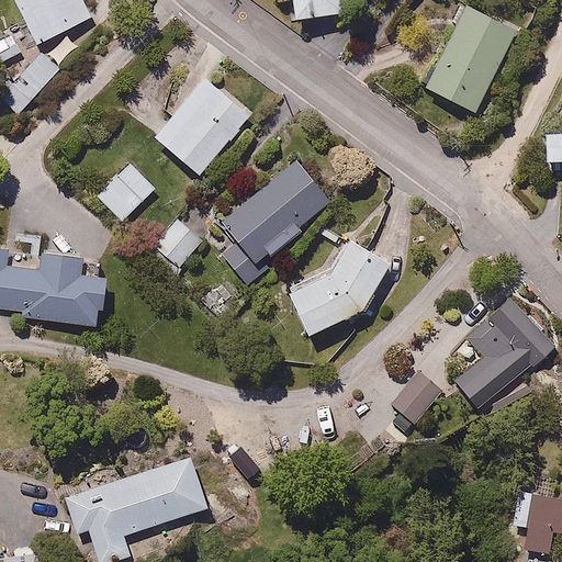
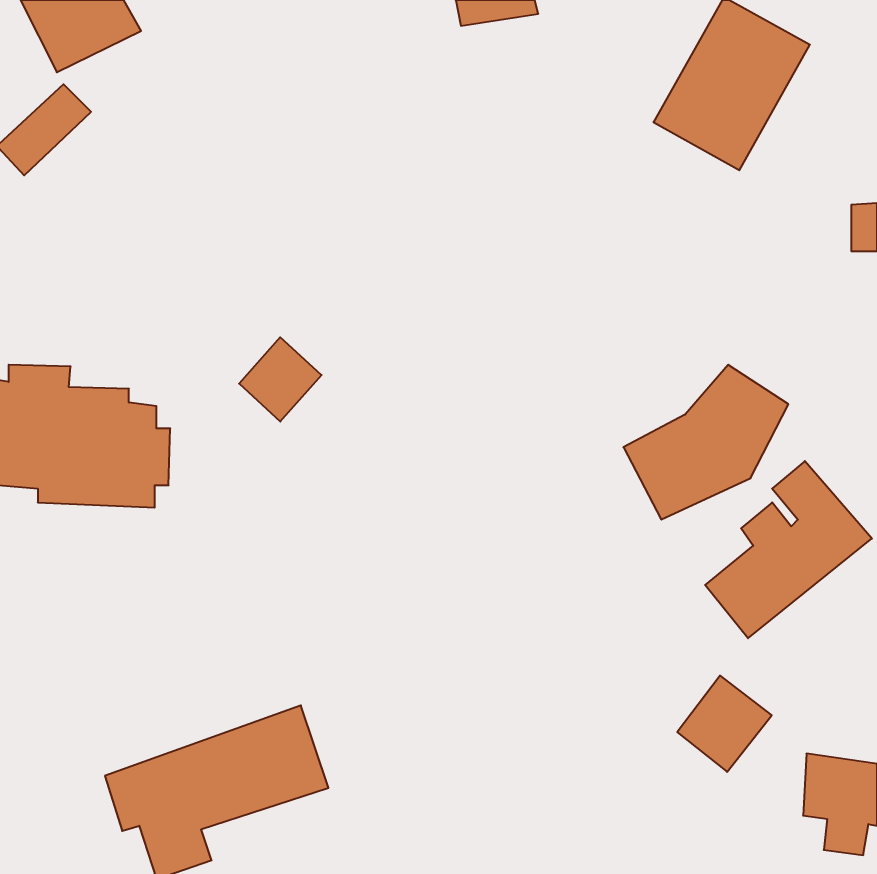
building: [149,74,255,179] -> none
building: [222,155,331,288] -> none
building: [94,164,157,226] -> none
building: [285,236,391,335] -> [623,365,788,520]
building: [383,368,443,429] -> [677,676,772,772]

